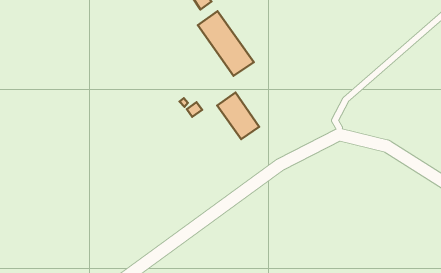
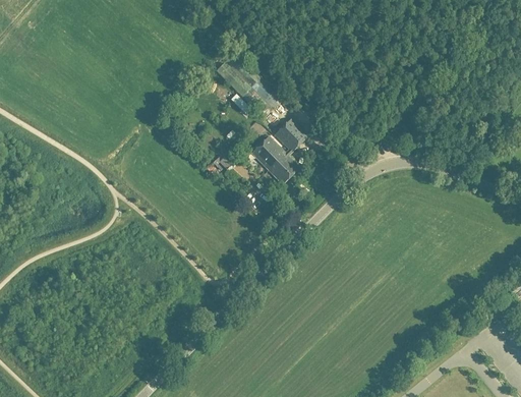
building: none -> [274,119,307,152]

